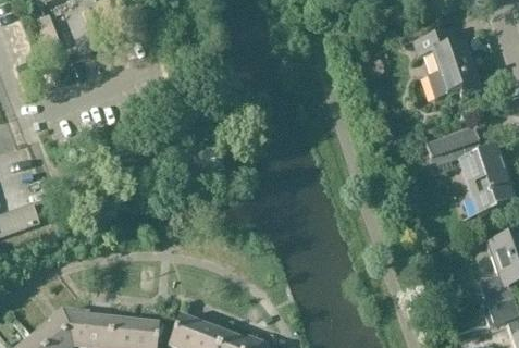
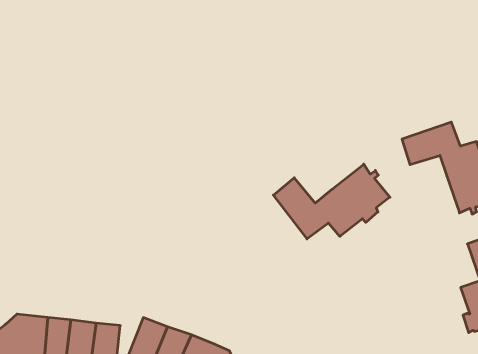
building: [413,29,481,100] -> none
building: none -> [273,164,390,239]

